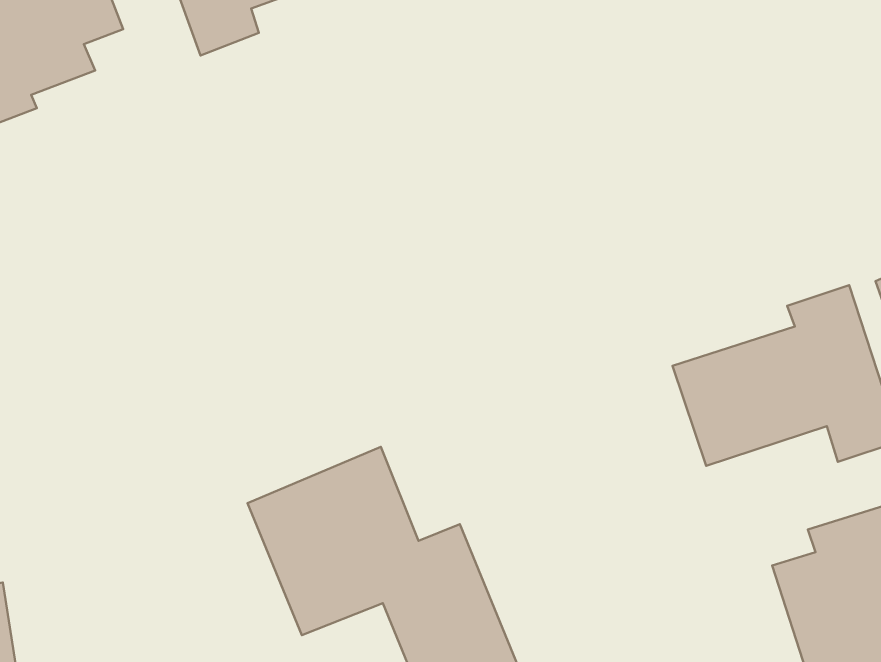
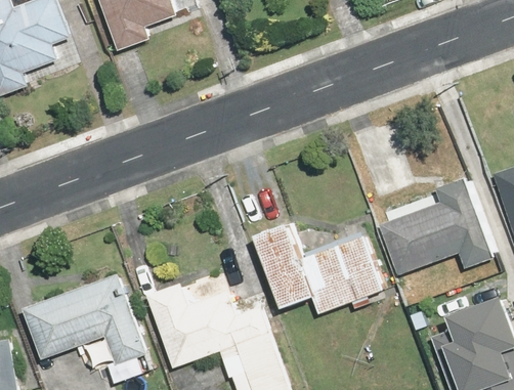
building: none -> [253,221,387,316]
building: none -> [24,271,148,369]

